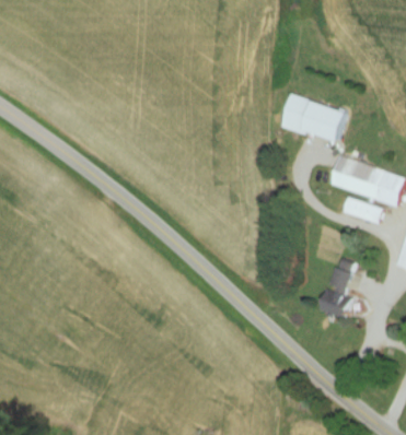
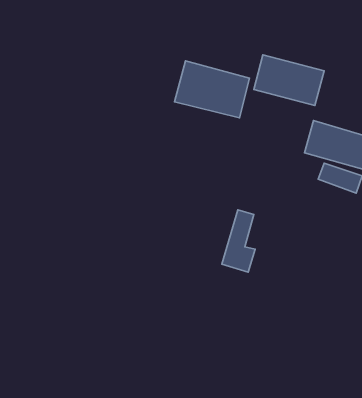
building: none -> [175,61,250,118]
building: [321,260,352,319] -> [222,210,255,272]

